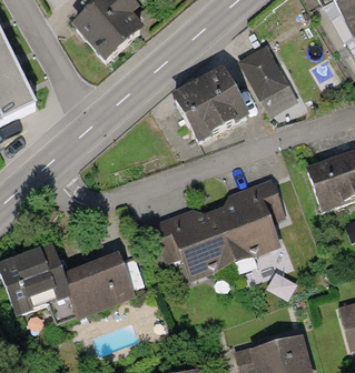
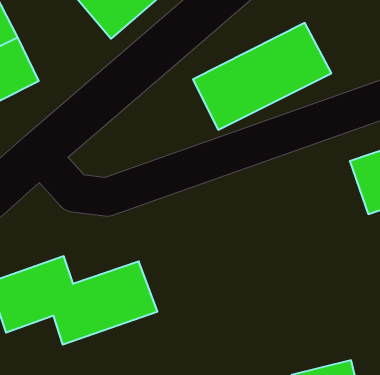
building: [154,180,283,280] -> none

